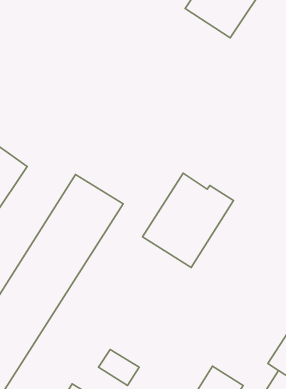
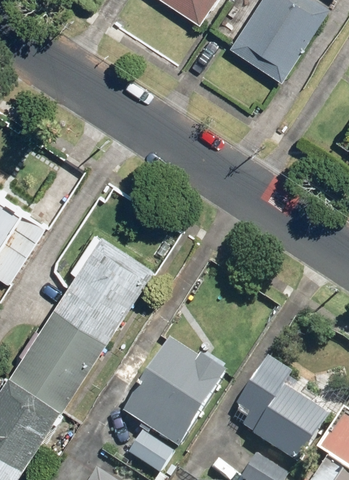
building: [143,173,234,268] -> [126,339,229,446]
building: none -> [230,369,333,463]

